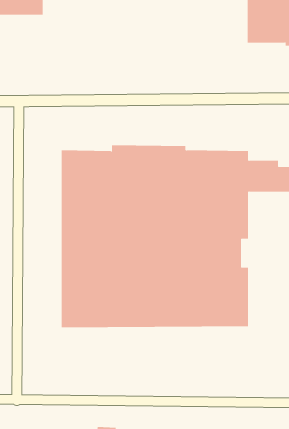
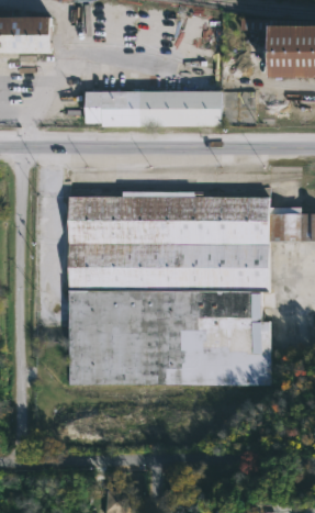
building: none -> [85,90,223,125]

